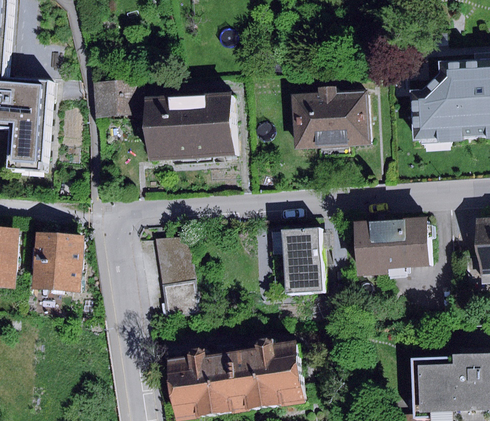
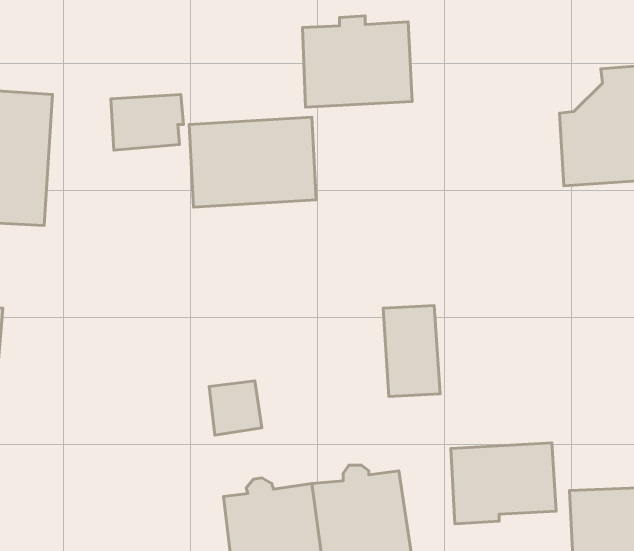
building: [290,85,367,149] -> [303,16,412,107]
building: [356,217,430,274] -> [451,443,556,524]
building: [29,232,82,290] -> none
building: [155,236,194,284] -> none

